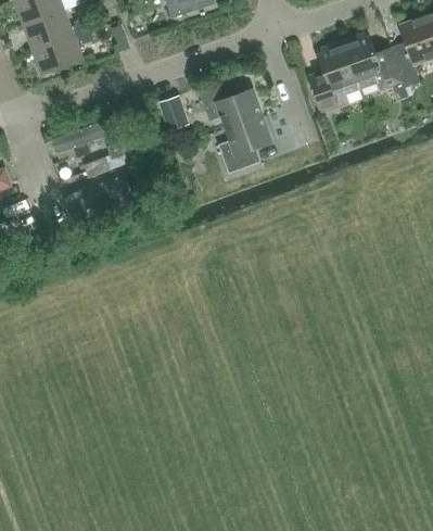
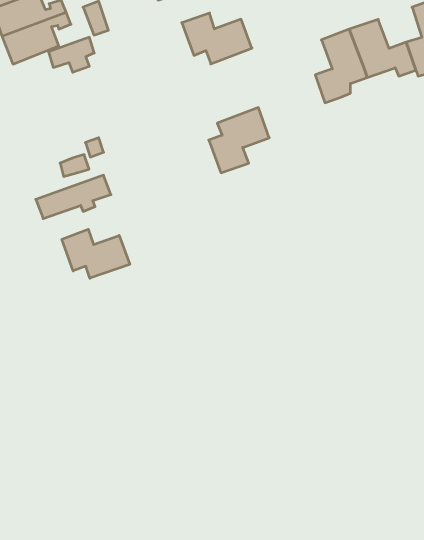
building: [200,84,263,129] -> [182,13,252,64]
building: [158,96,189,130] -> none
building: [53,126,94,157] -> [48,37,94,72]
building: none -> [62,229,130,278]

